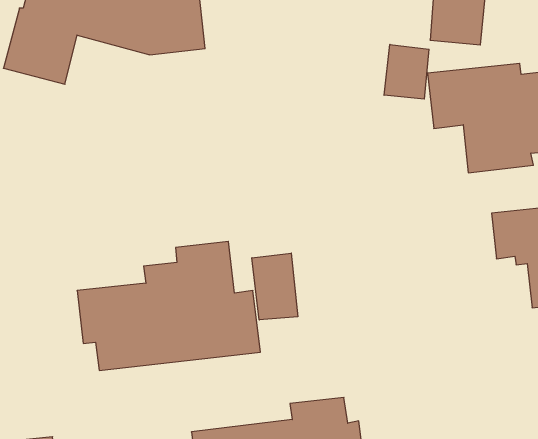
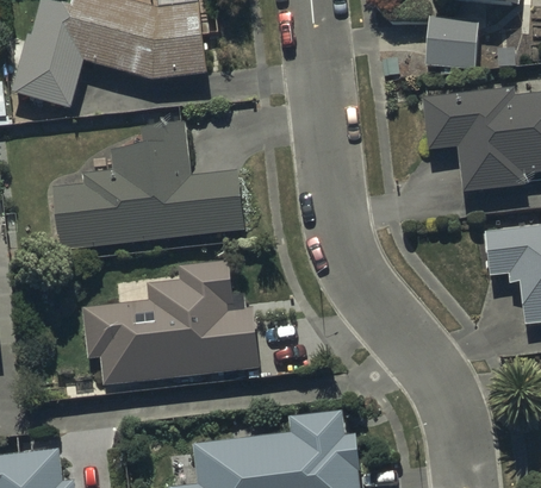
building: [384,44,429,99] -> none
building: none -> [55,121,244,250]
building: [252,253,298,320] -> none

